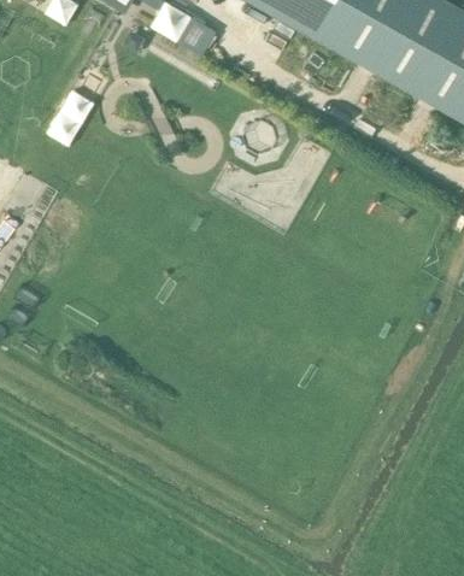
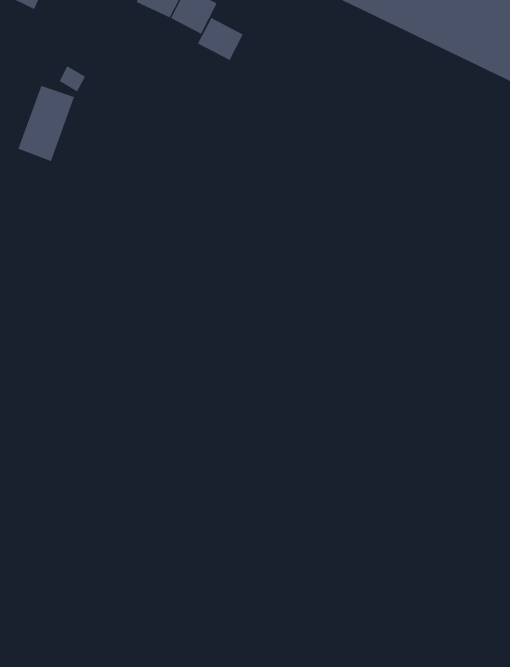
building: none -> [197,17,244,61]

